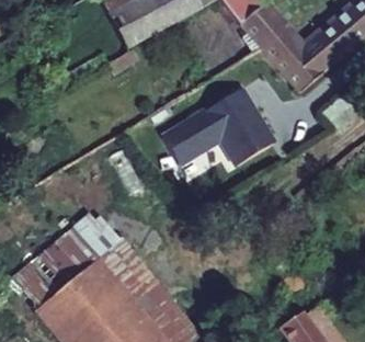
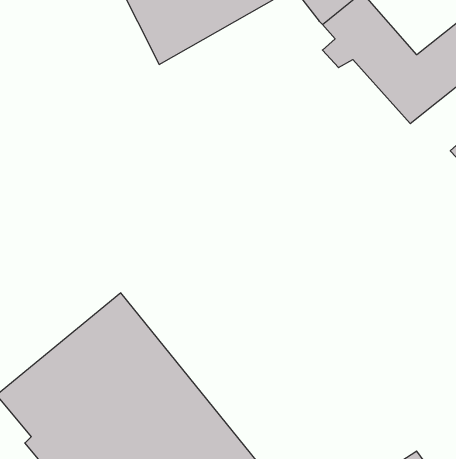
building: [161,87,273,163] -> none

